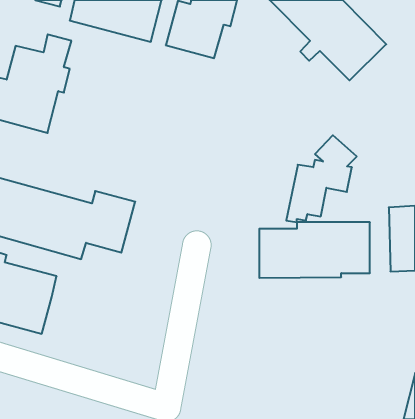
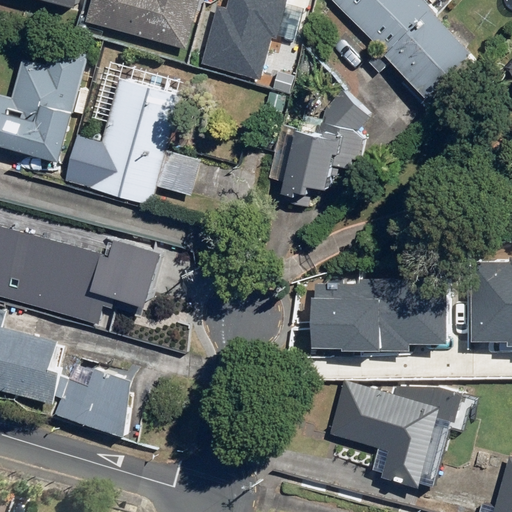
building: none -> [61,82,199,208]
building: [286,135,357,222] -> [283,93,369,199]
building: none -> [50,359,129,436]
building: none -> [329,382,462,490]

